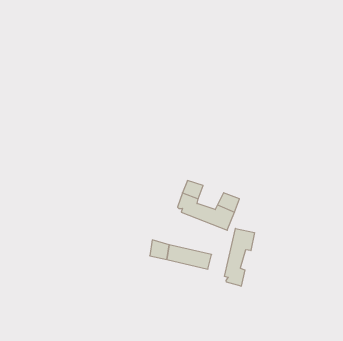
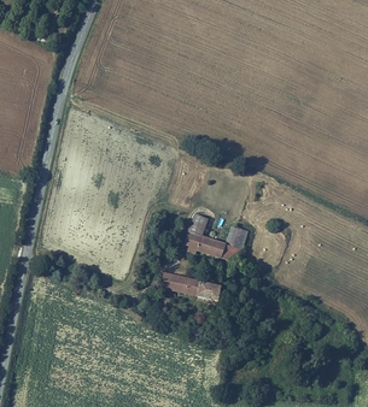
building: [225,228,254,286] -> none

